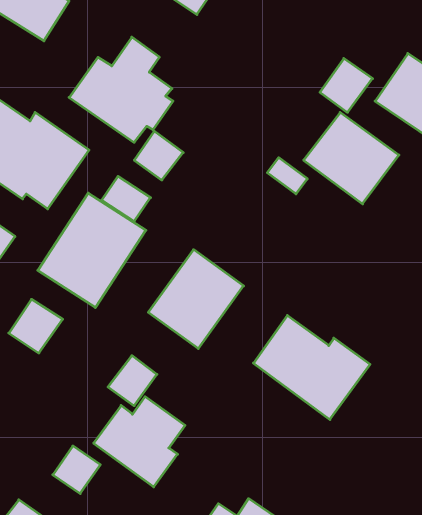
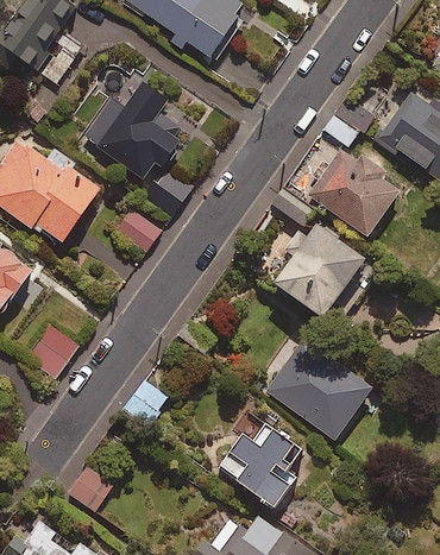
building: [38,193,146,308] -> none
building: [148,250,244,349] -> [270,225,360,319]
building: [94,397,185,487] -> [214,424,301,510]

